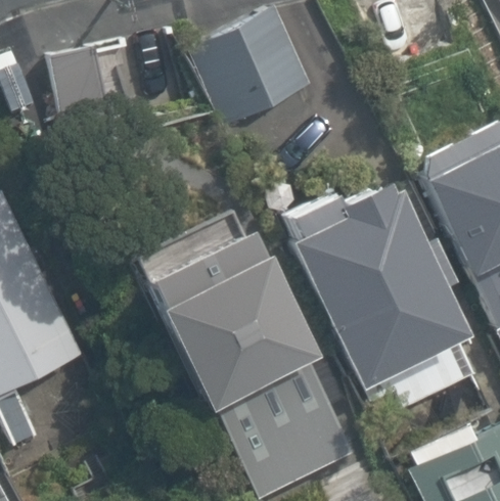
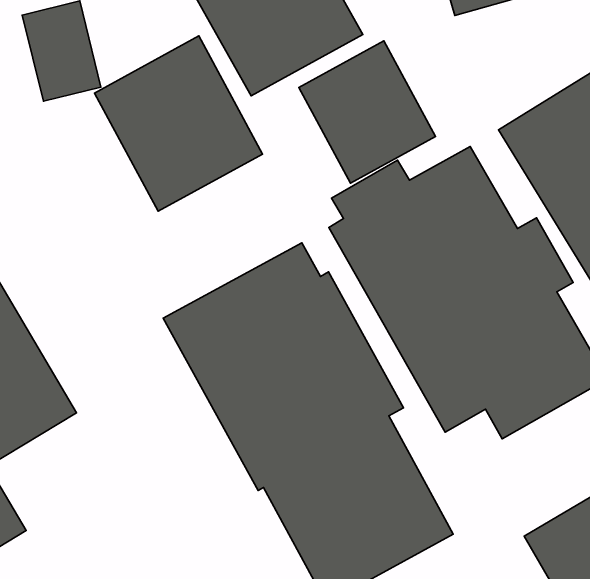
building: none -> [95,36,262,211]
building: none -> [299,41,436,183]

